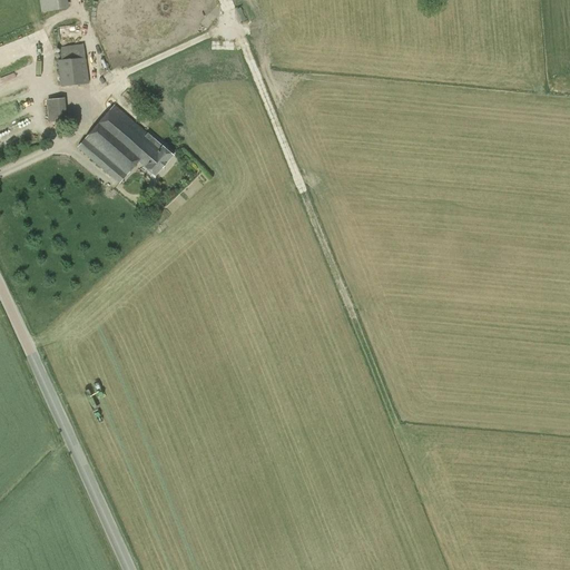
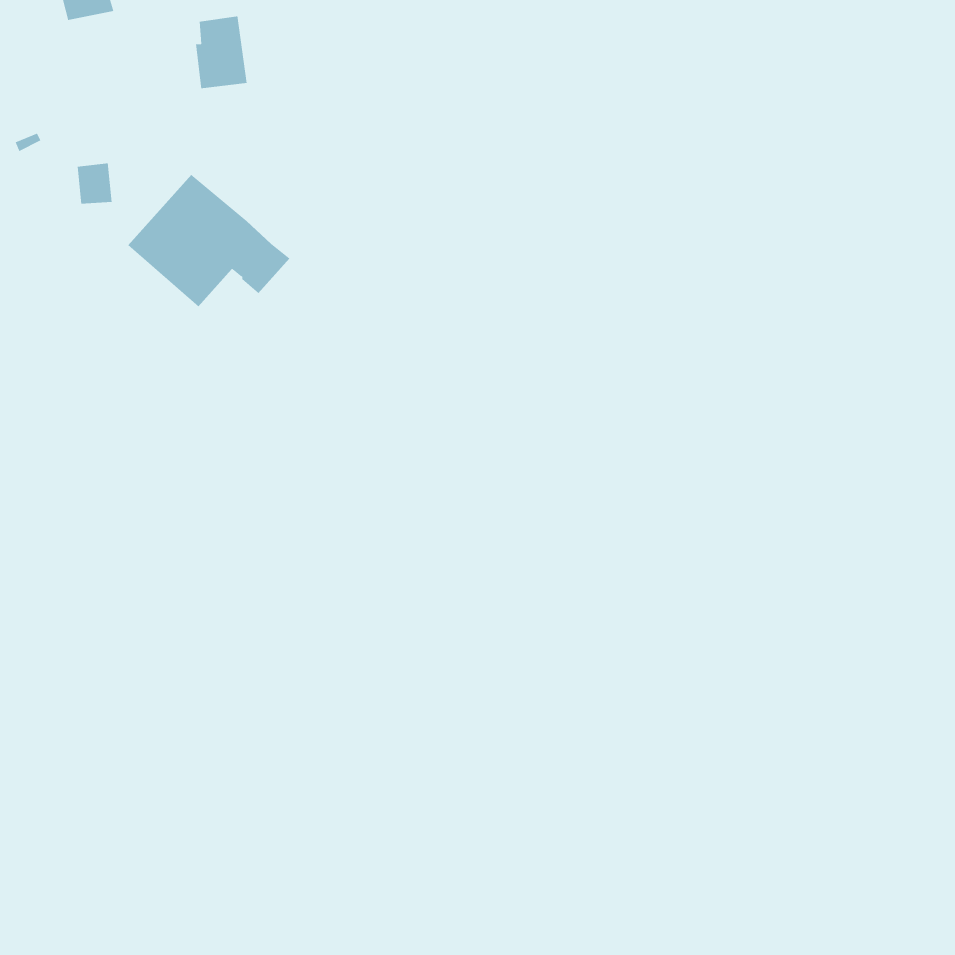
building: [57,42,88,86] -> [195,16,247,89]

